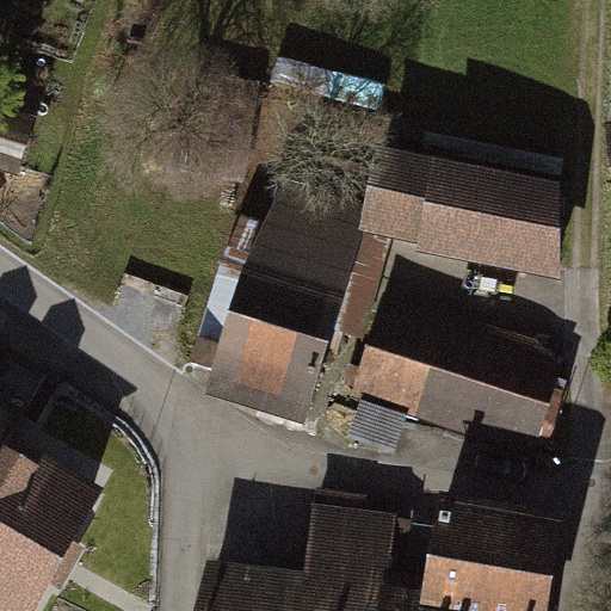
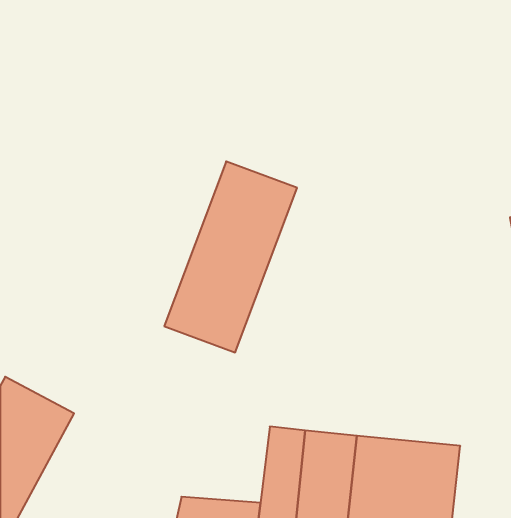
building: [362,154,554,257] -> none
building: [359,309,567,452] -> none

